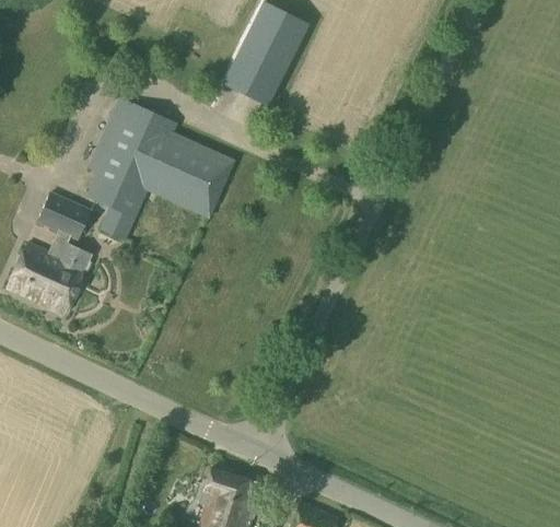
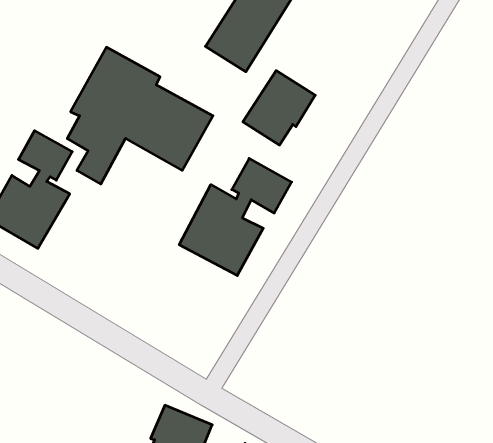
building: none -> [243,71,315,145]
building: none -> [179,158,292,276]

